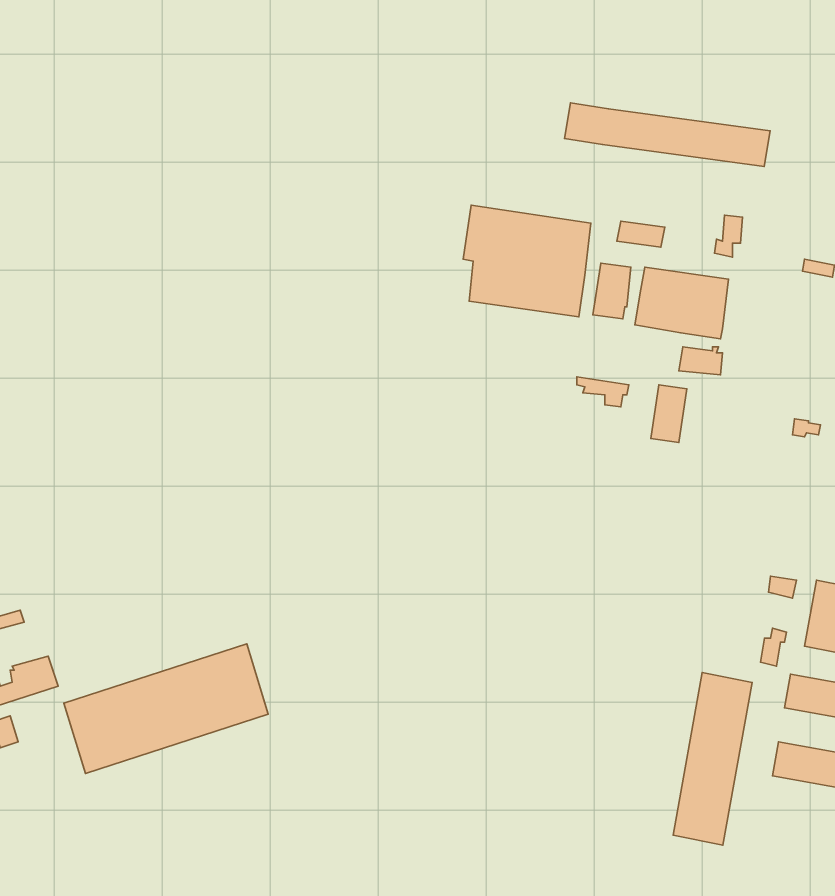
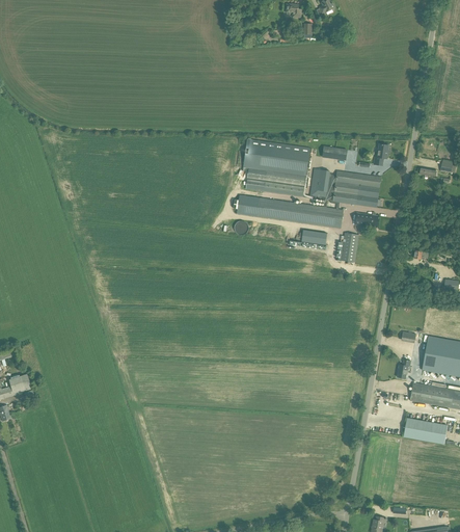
building: [565,103,770,167] -> [236,194,343,228]
building: [64,644,268,773] -> none
building: [673,672,752,845] -> none

